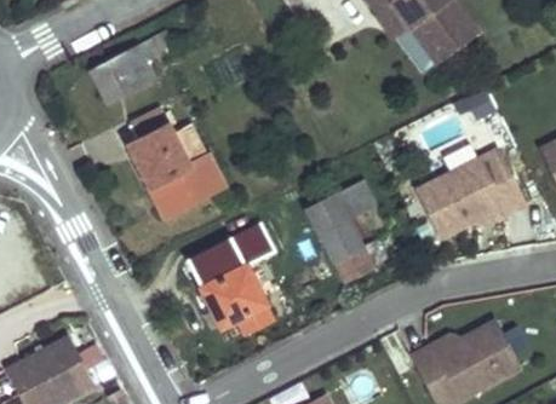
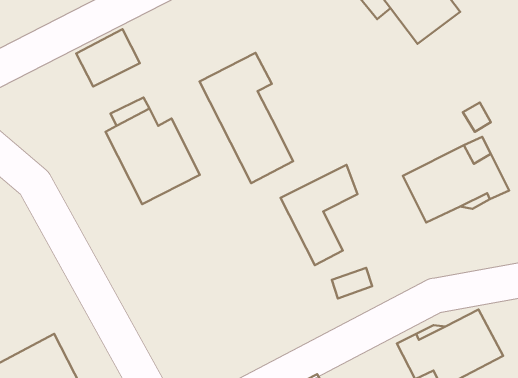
building: none -> [200,53,293,183]
building: [190,220,279,319] -> none

